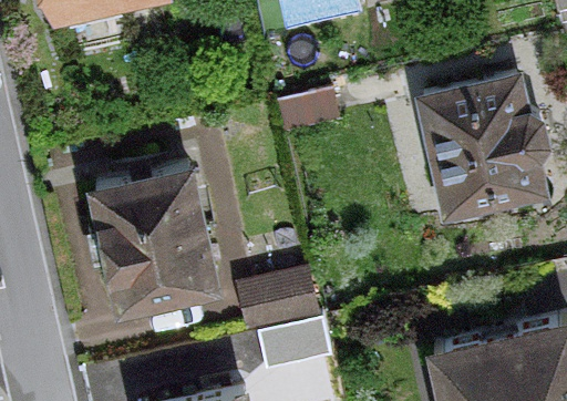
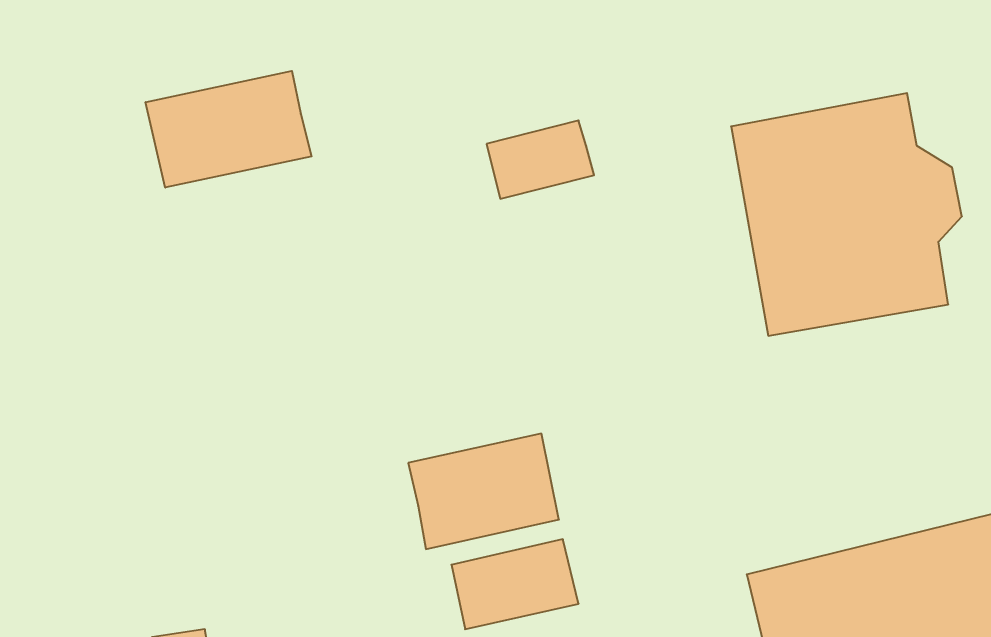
building: none -> [146,71,312,188]
building: [90,164,220,317] -> none

